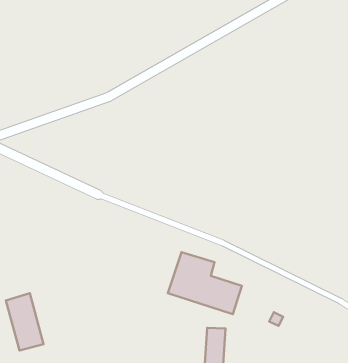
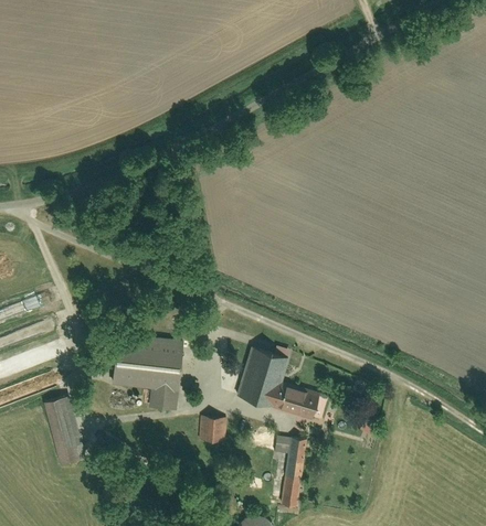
building: none -> [115,336,182,408]
building: none -> [197,418,222,443]

